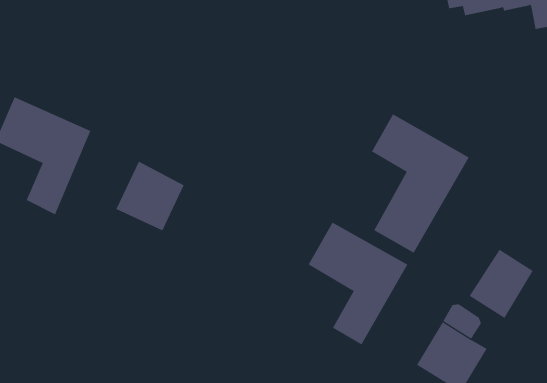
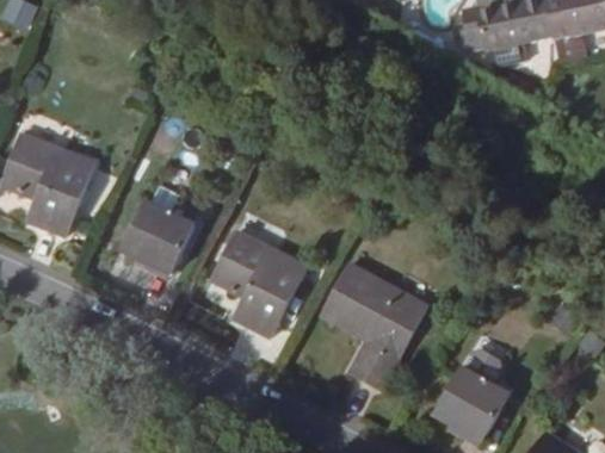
building: [371,114,470,254] -> none
building: none -> [210,230,307,337]
building: [469,249,533,319] -> none

